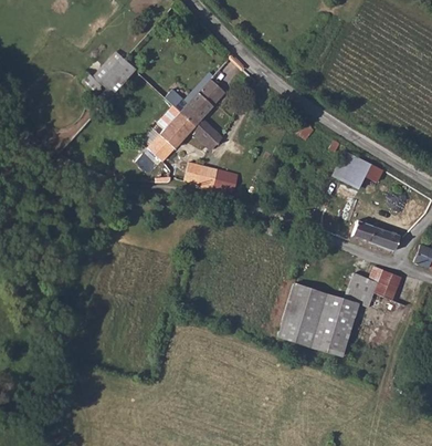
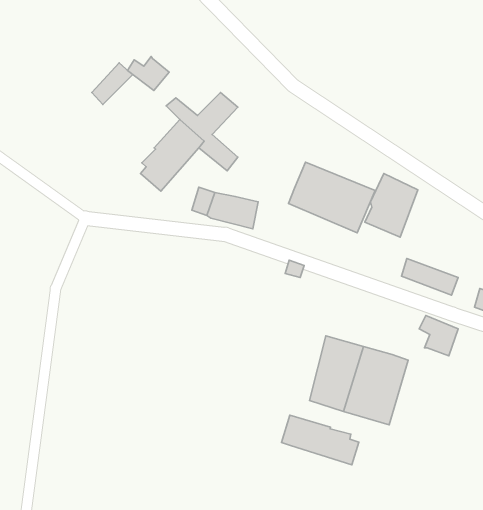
building: none -> [128,56,169,90]
building: none -> [289,162,375,233]
building: [347,273,378,307] -> none
building: none -> [282,415,359,465]

